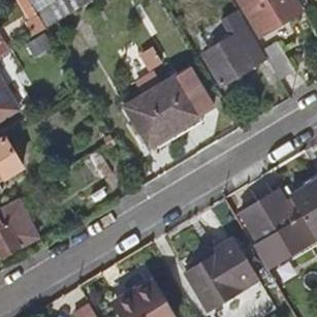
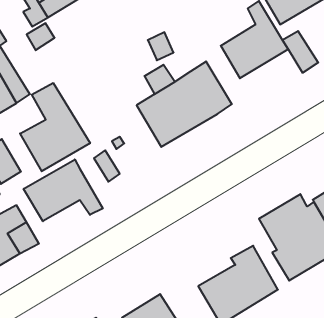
building: none -> [20,83,90,171]
building: none -> [24,159,103,221]

